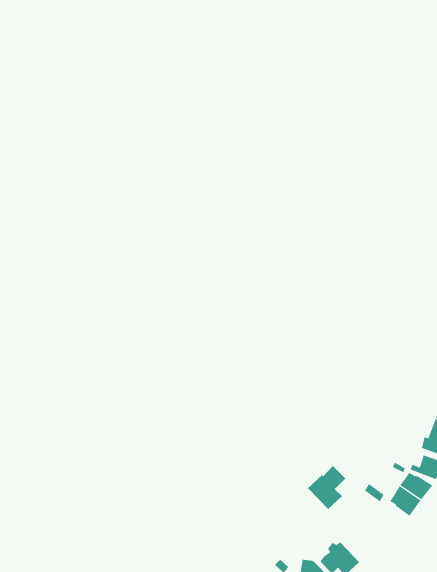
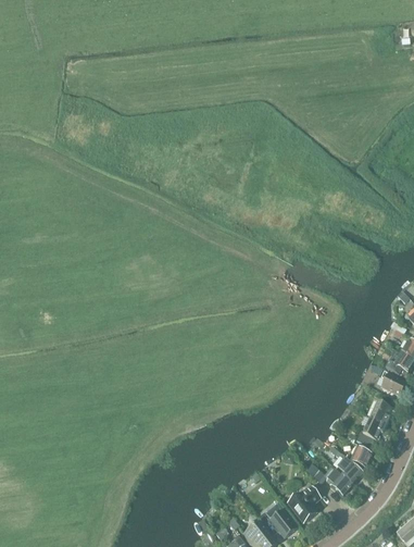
building: [307,465,346,510] -> [288,485,321,521]

